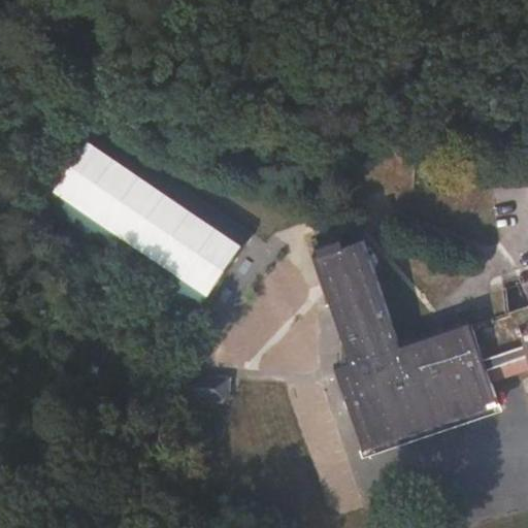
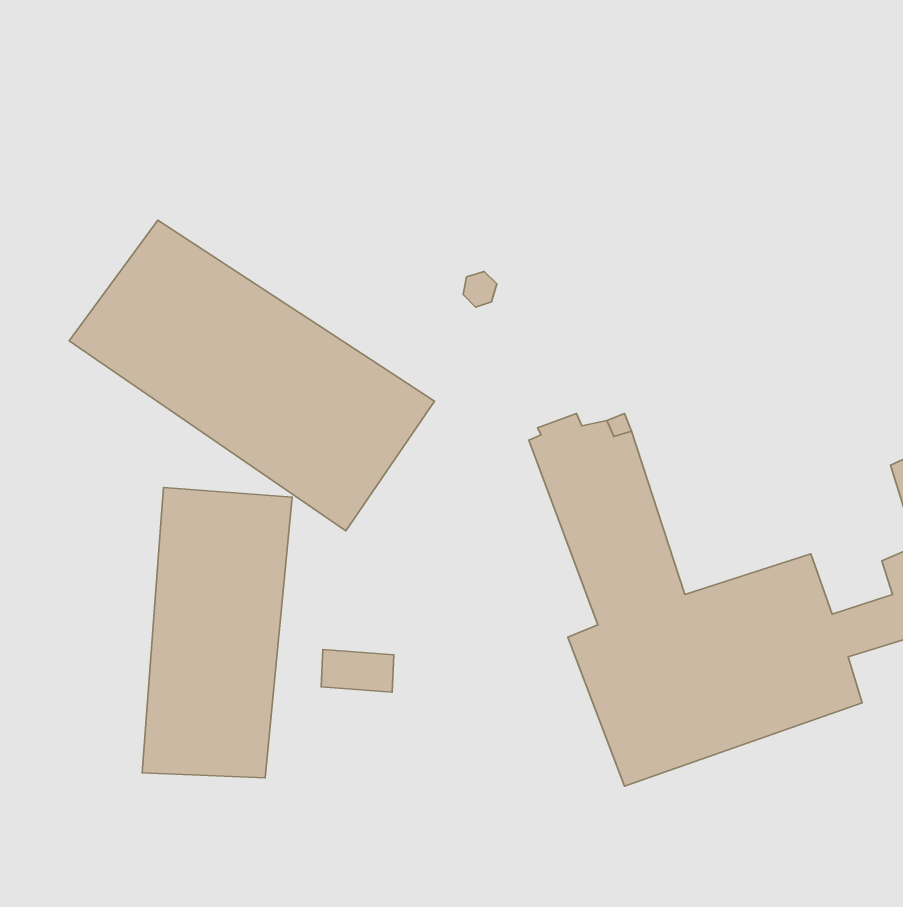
building: none -> [142,487,292,778]

